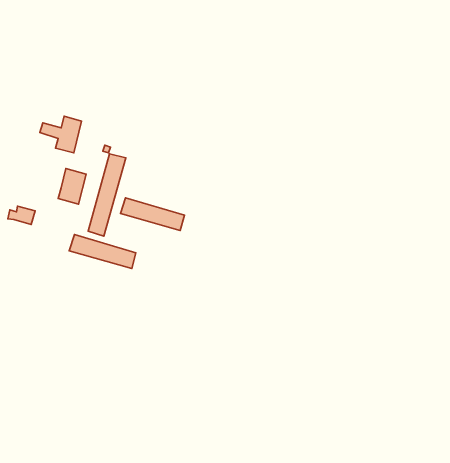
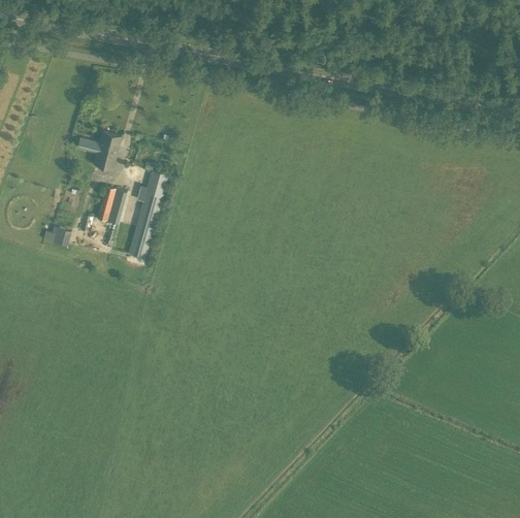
building: [121,198,184,231] -> none
building: [69,235,136,269] -> none

